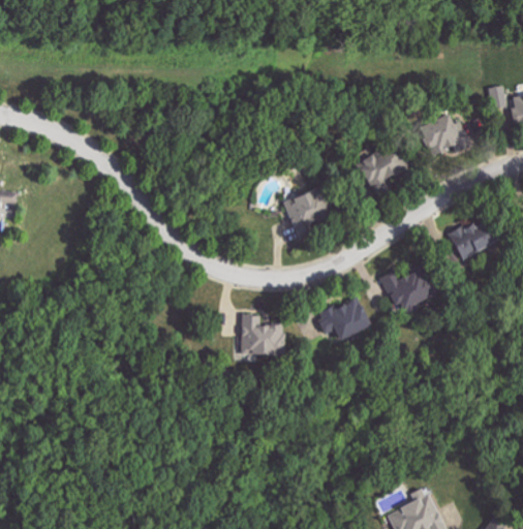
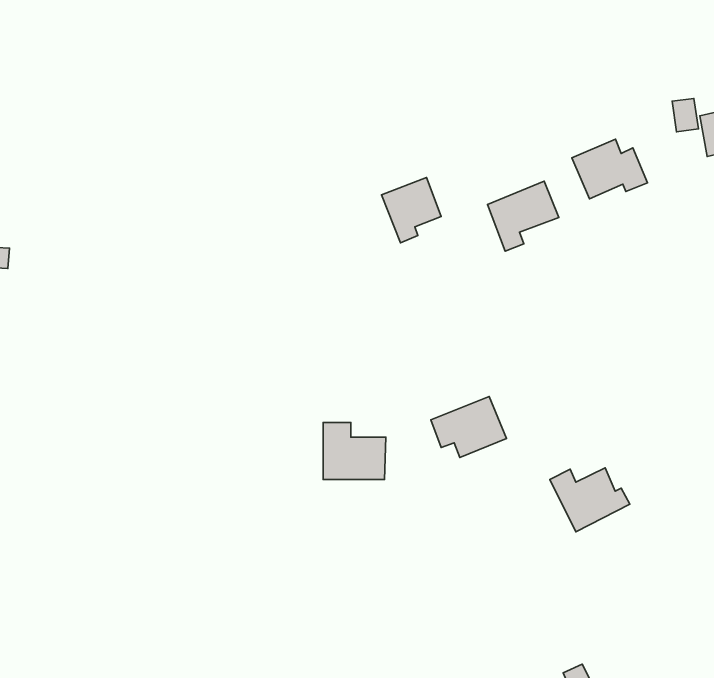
building: [283,189,326,236] -> [381,177,441,243]
building: [449,222,496,258] -> none
building: [379,269,436,314] -> [550,468,630,532]

